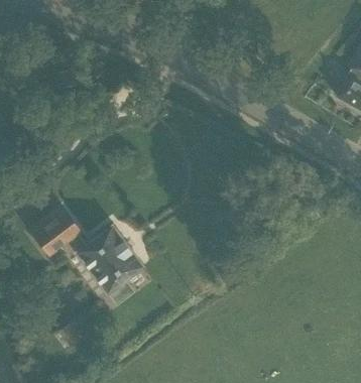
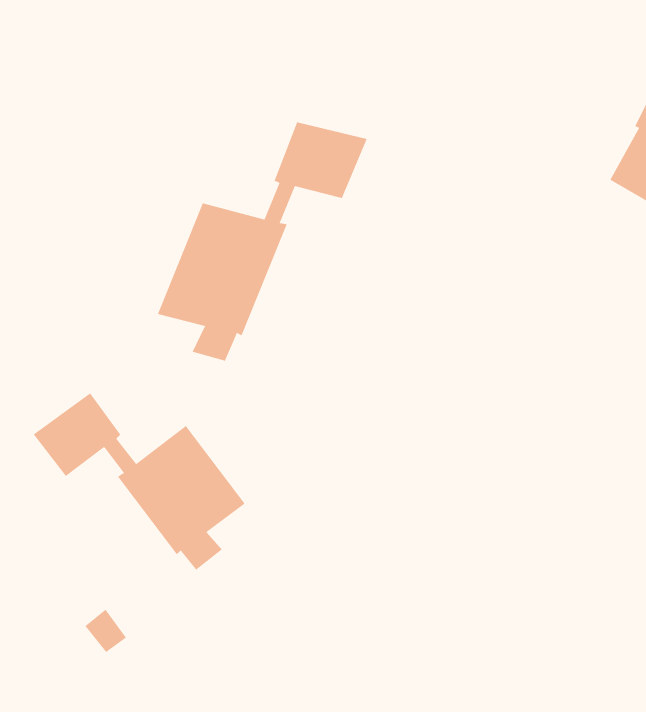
building: none -> [157,121,367,362]

